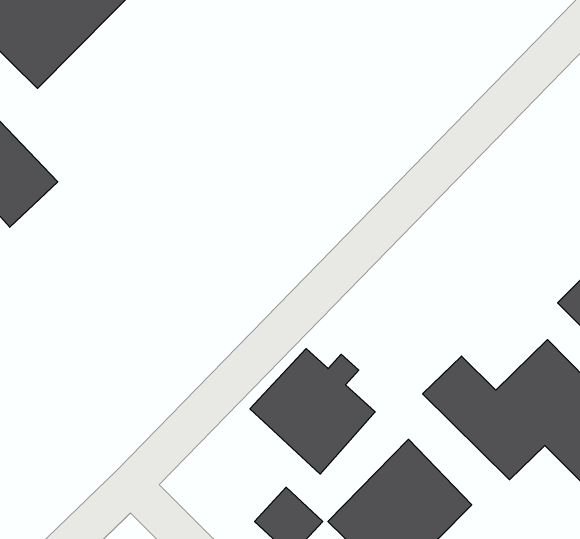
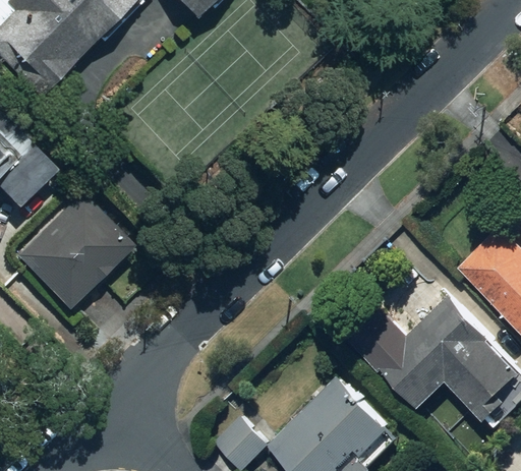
building: none -> [15,193,132,309]
building: [250,349,375,474] -> none

